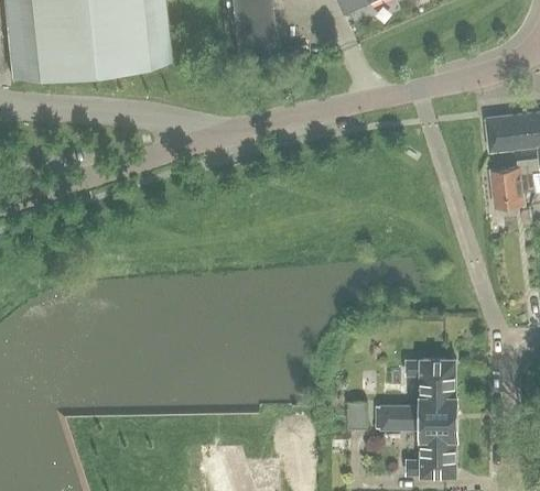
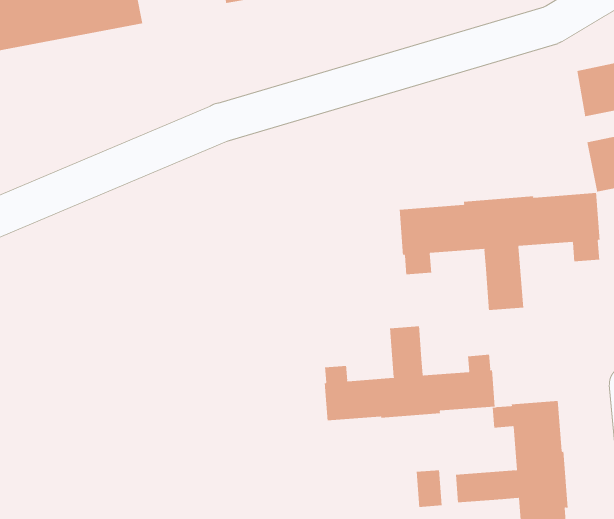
building: none -> [399,192,600,311]
building: none -> [324,325,495,421]

